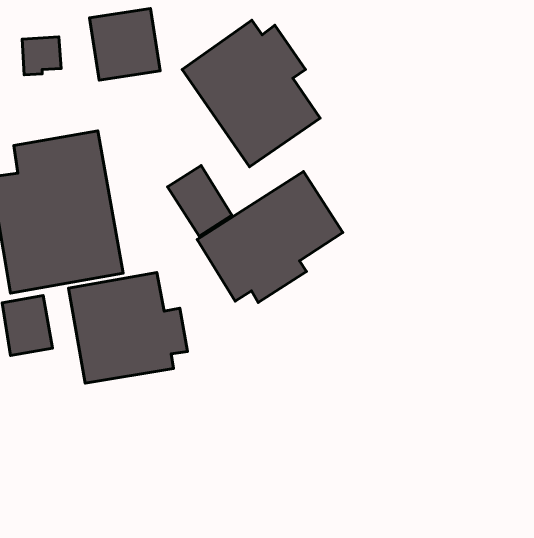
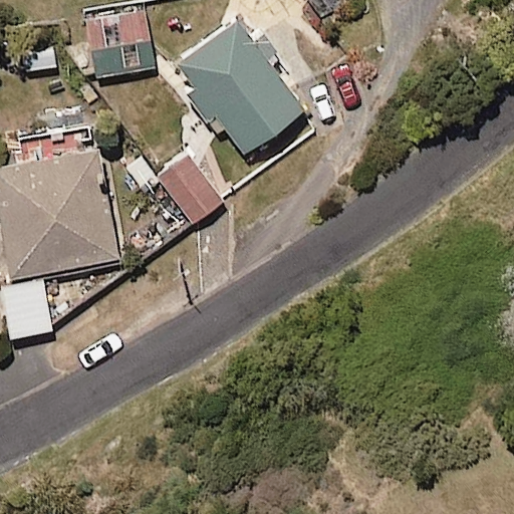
building: [197,171,343,303] -> none
building: [68,272,188,383] -> none

